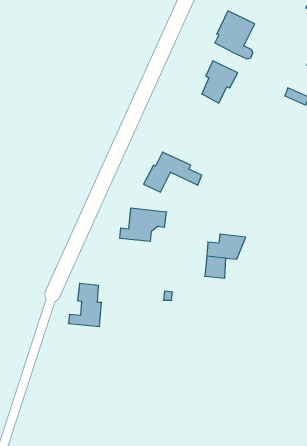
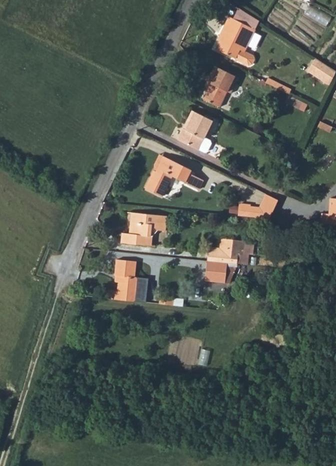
building: none -> [179,112,215,153]
building: none -> [239,194,277,219]
building: [68,283,102,326] -> [105,259,138,302]

